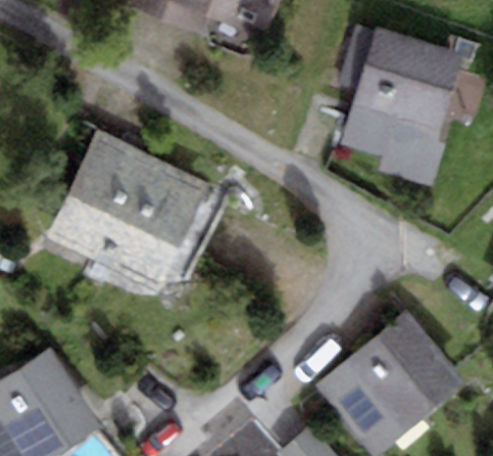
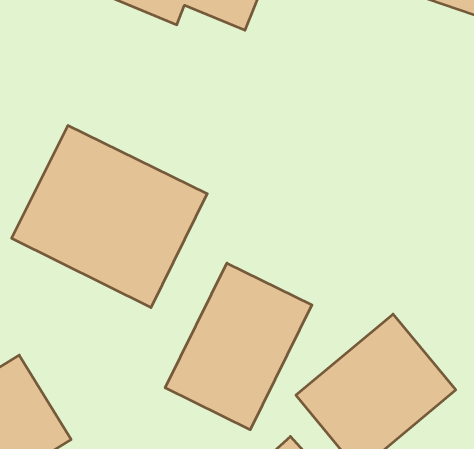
building: [339,26,464,188] -> none
building: none -> [165,263,312,430]

